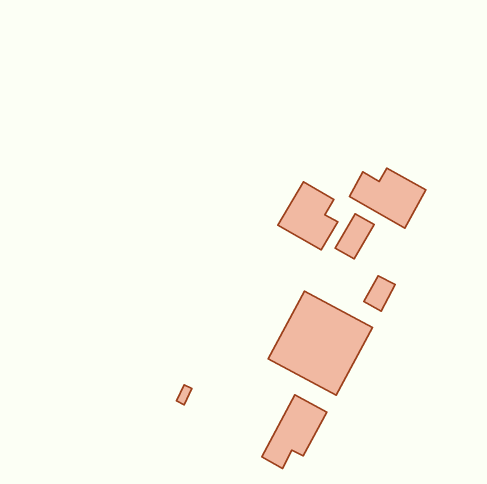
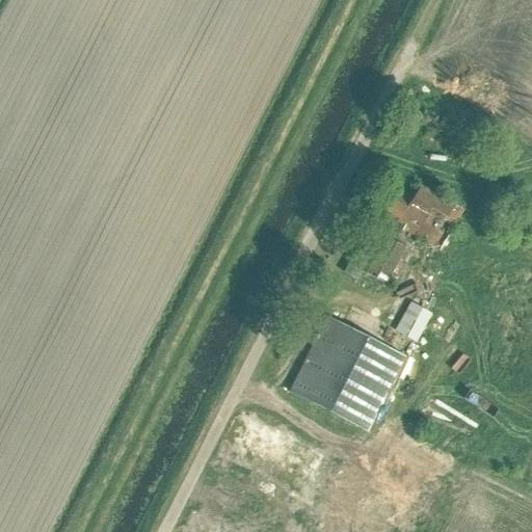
building: [278,182,338,250] -> none
building: [262,395,327,469] -> none

